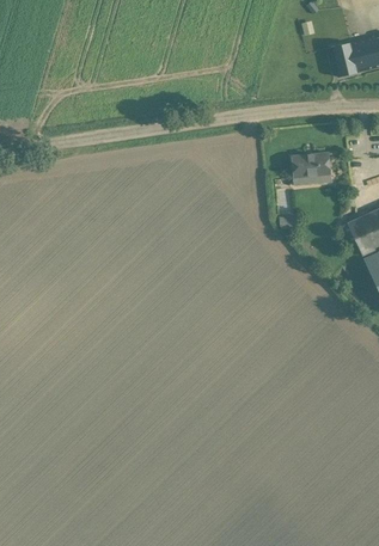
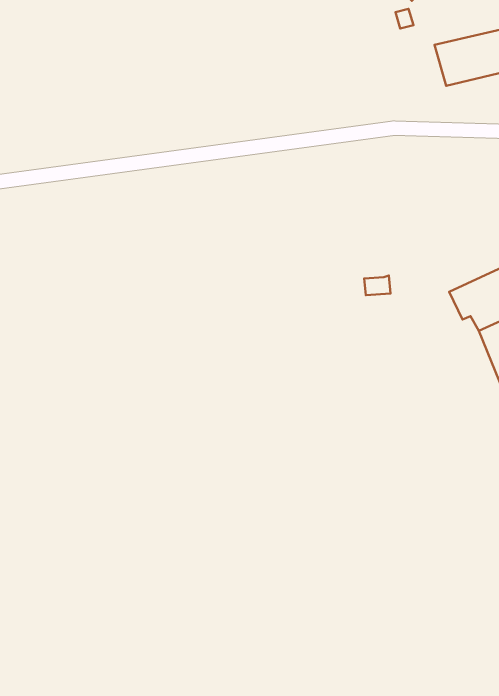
building: [291,153,330,185] -> none

